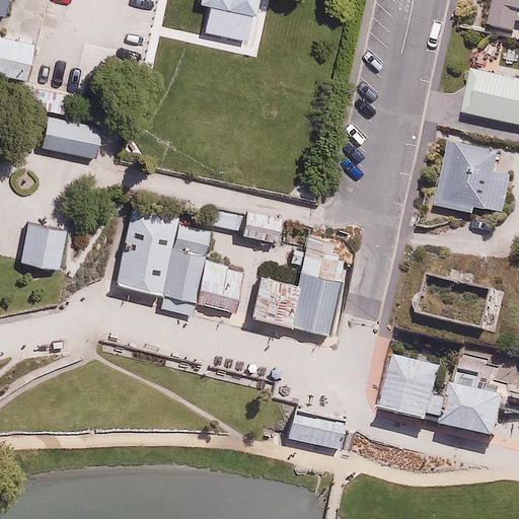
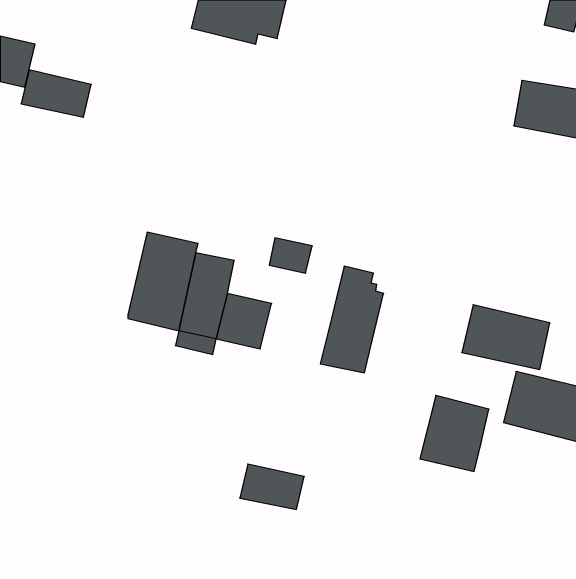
building: [40,115,102,157] -> [21,70,91,117]
building: [431,139,510,215] -> none
building: [7,223,64,268] -> none
building: [250,276,299,325] -> none
building: [429,382,503,438] -> none
building: [290,412,348,452] -> [240,464,304,509]

